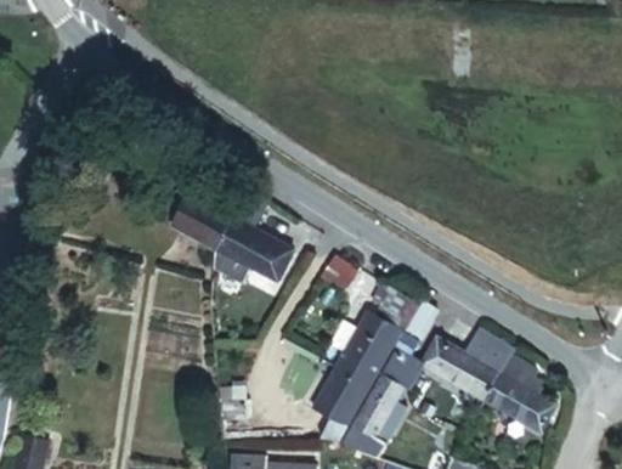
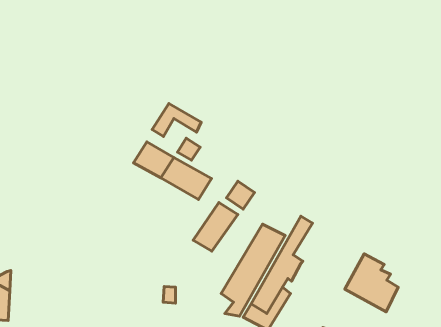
building: none -> [152,104,201,136]
building: none -> [193,202,238,251]
building: [419,326,510,402] -> none

